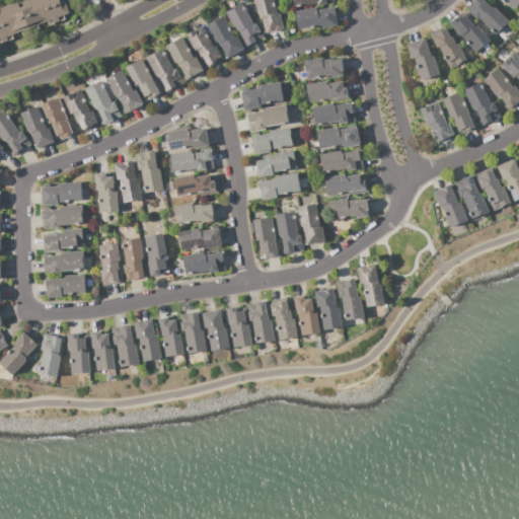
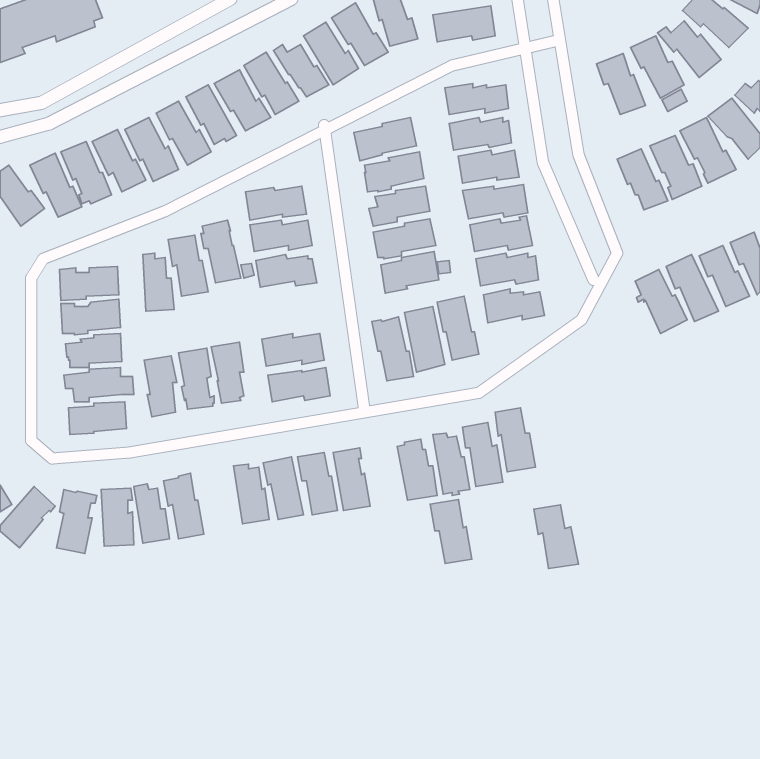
building: [174,202,216,223] -> none
building: [357,264,387,307] -> [534,505,578,569]
building: [247,300,276,344] -> [430,500,472,564]
building: [135,318,161,362] -> none

